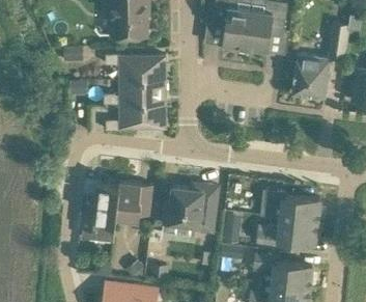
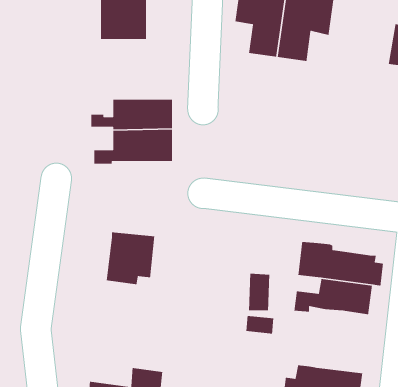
building: [106,53,166,81] -> none
building: [292,55,331,98] -> none
building: [80,183,119,240] -> none
building: [164,185,219,232] -> none
building: [254,253,316,289] -> none

